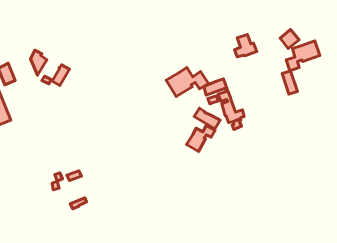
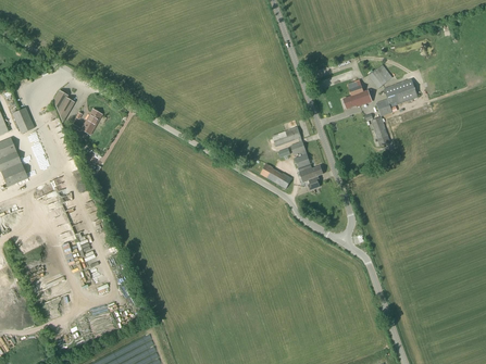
building: [234,34,257,57] -> [344,79,372,108]
building: [166,67,208,97] -> none
building: [187,125,215,151] -> none

